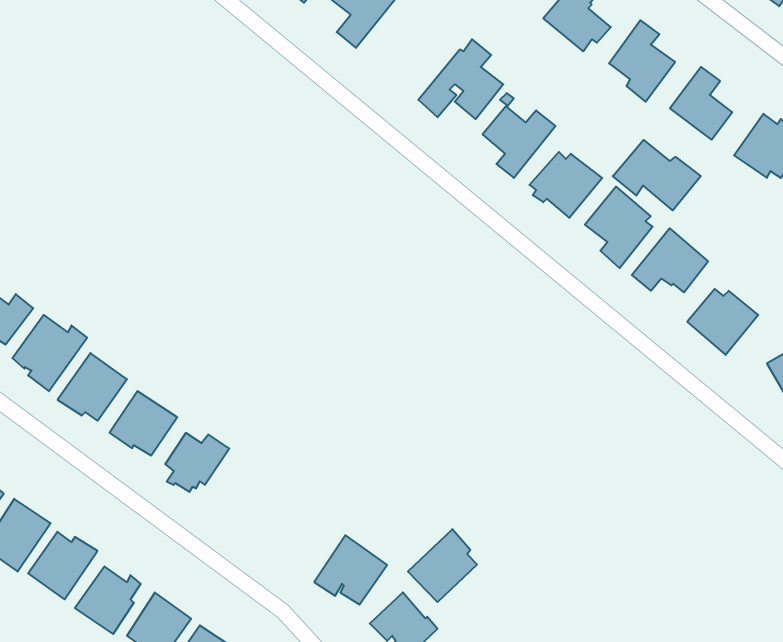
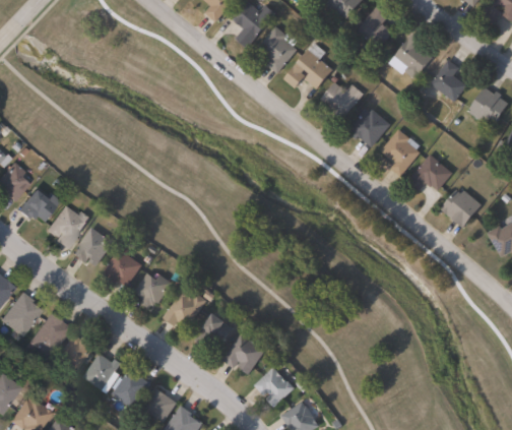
building: none -> [258,25,299,72]
building: [613,140,701,210] -> none
building: none -> [164,289,206,329]
building: none -> [195,314,233,349]
building: [408,529,477,602] -> none

